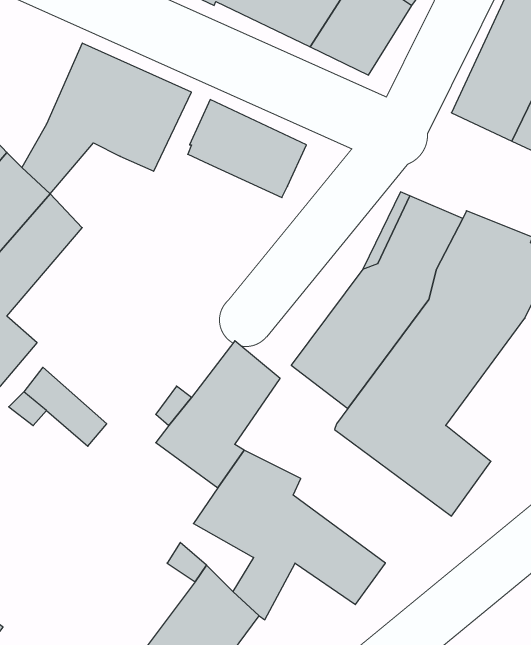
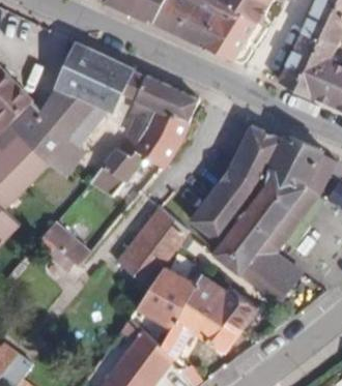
building: none -> [57,98,95,145]
building: none -> [96,110,184,190]
building: none -> [191,273,257,329]

